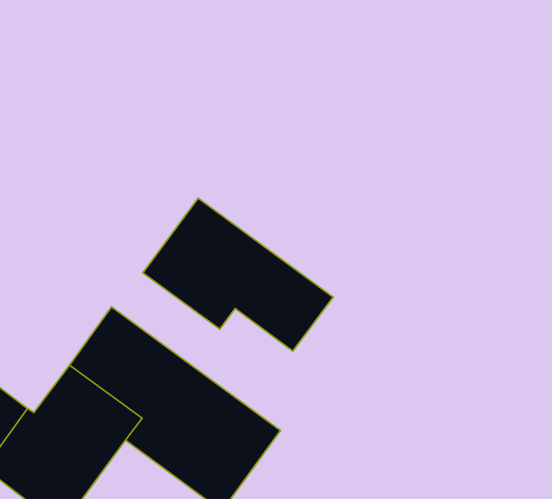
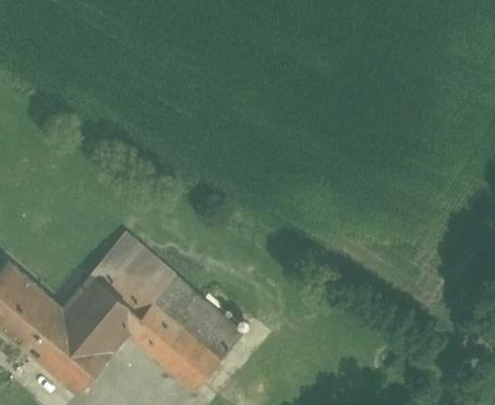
building: [143,198,333,351] -> none

